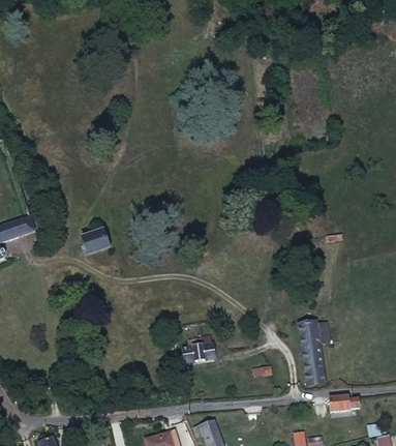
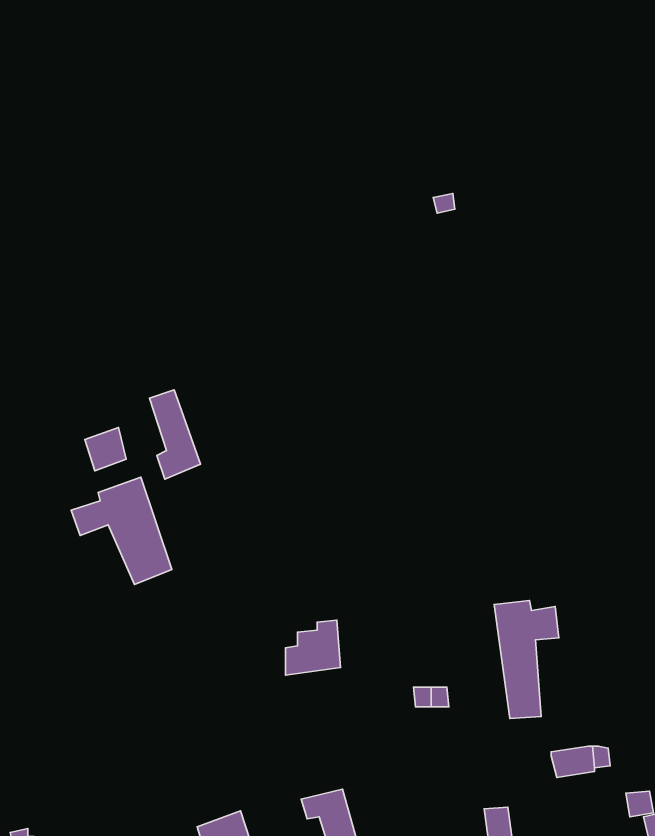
building: none -> [150,390,201,479]
building: none -> [71,477,172,585]

